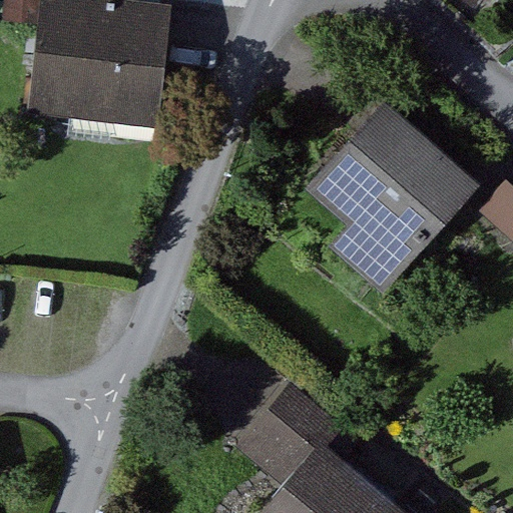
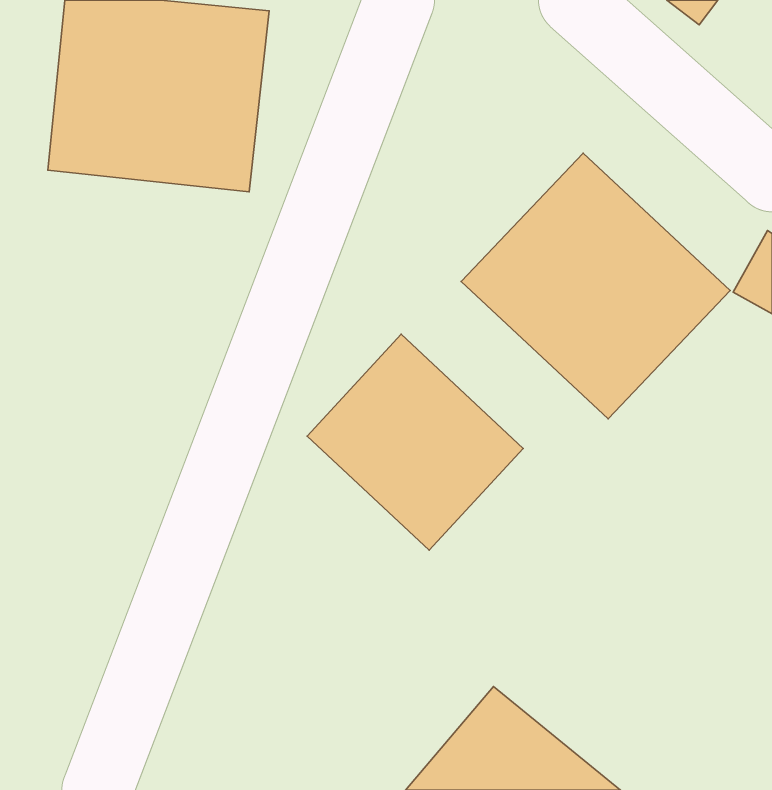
building: none -> [307,334,523,550]
building: [233,391,323,482] -> none

